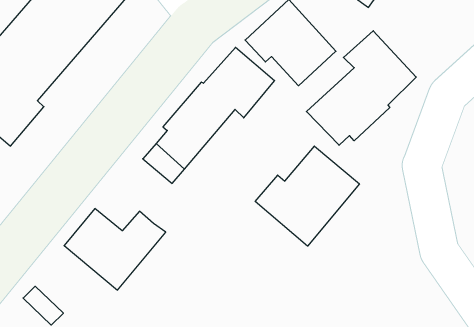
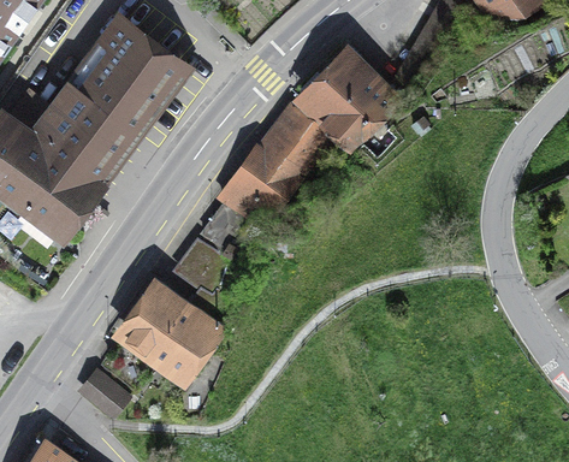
building: [306,31,416,145] -> none
building: [255,146,359,246] -> none
building: none -> [176,239,230,301]

